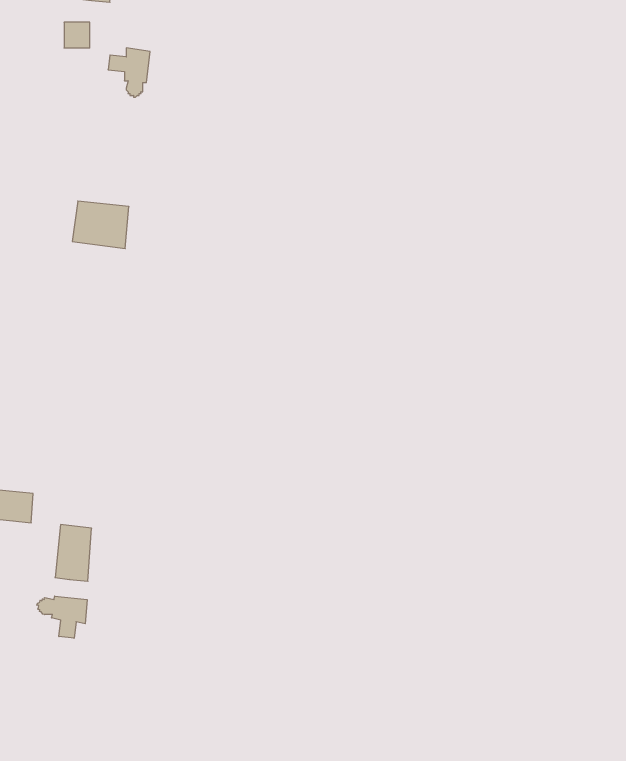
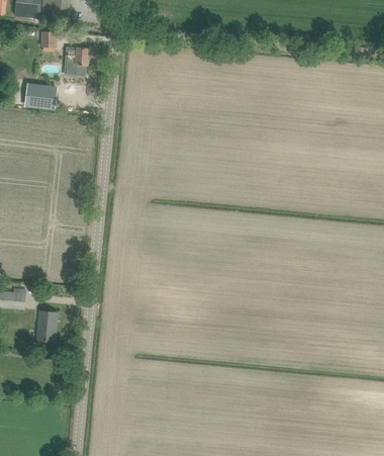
building: [72,201,129,249] -> [24,83,56,109]
building: [37,596,87,638] -> none

